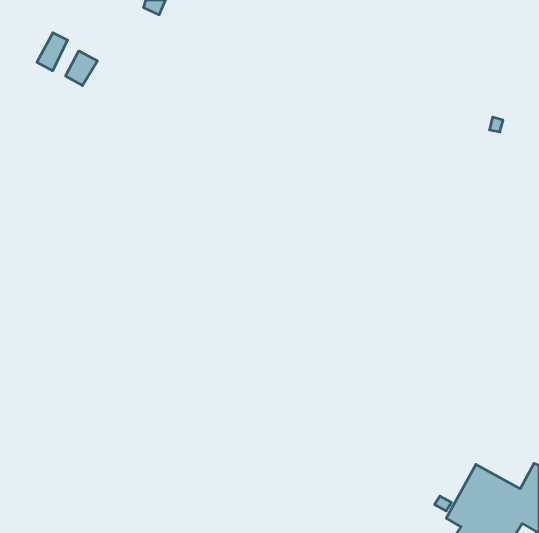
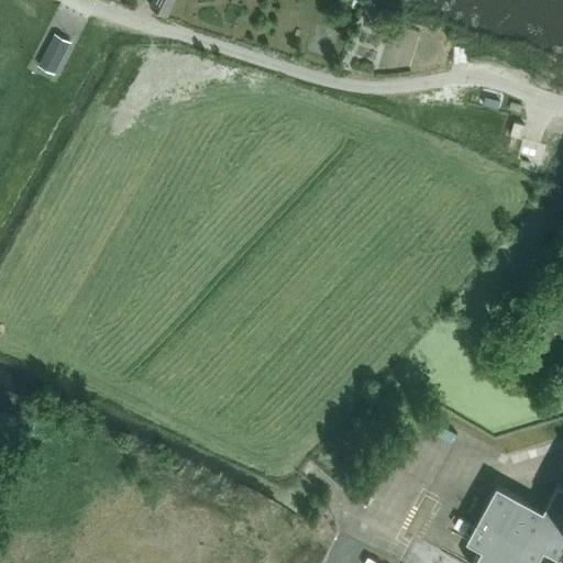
building: [66,51,97,86] -> none

